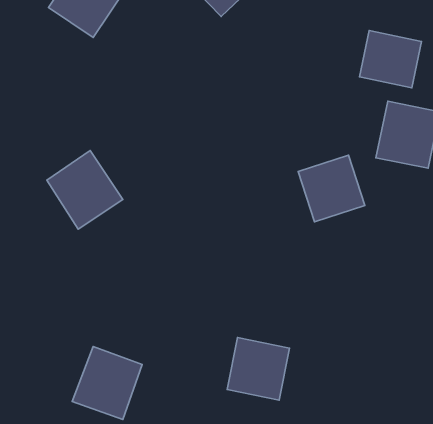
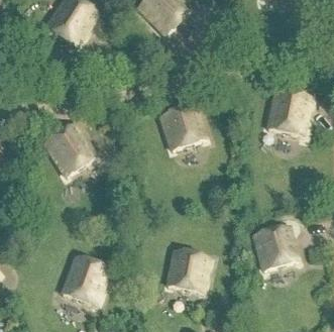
building: [360,31,422,88] -> none
building: [298,155,365,222] -> [160,104,206,149]
building: none -> [253,225,298,268]

